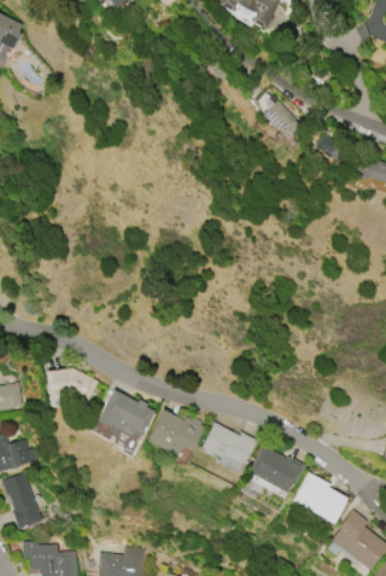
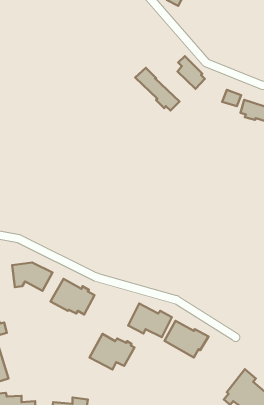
building: none -> [135,68,180,110]
building: [146,409,205,456] -> [90,334,134,369]
building: [292,472,347,524] -> none

